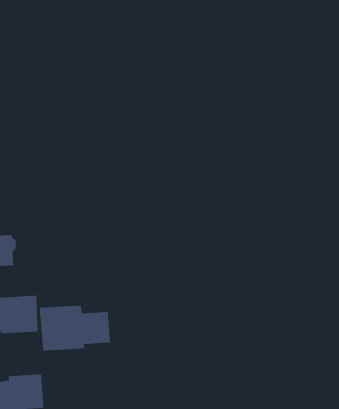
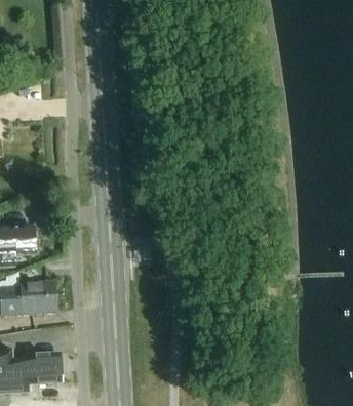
building: [39,305,110,351] -> none

